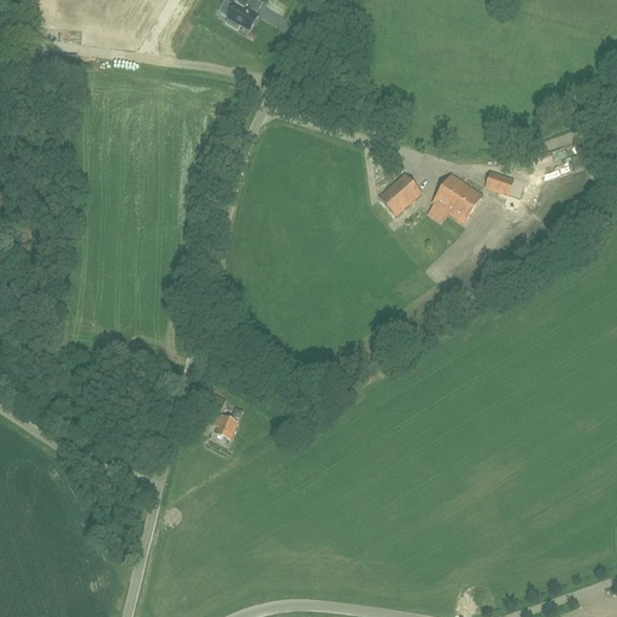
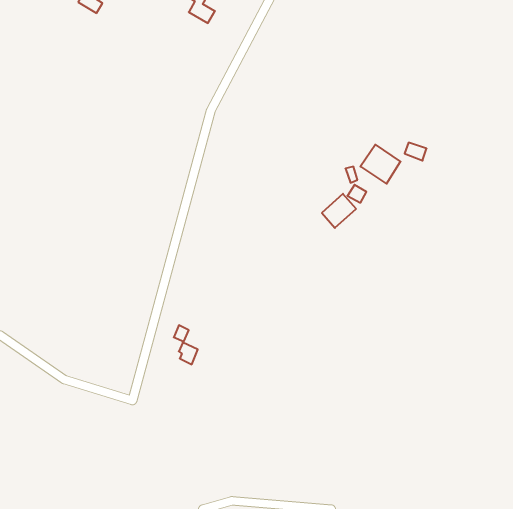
building: [380,172,421,213] -> [322,194,356,228]

